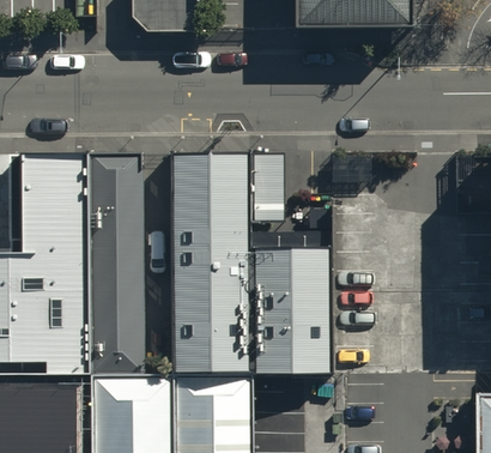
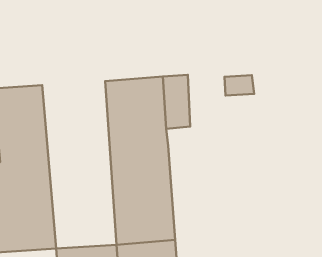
building: [90,153,144,374] -> none
building: [250,246,333,373] -> none

